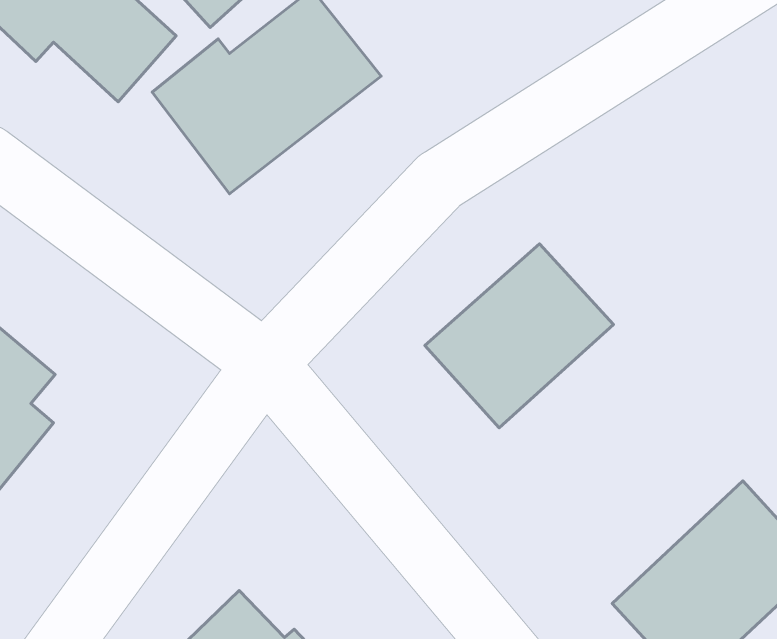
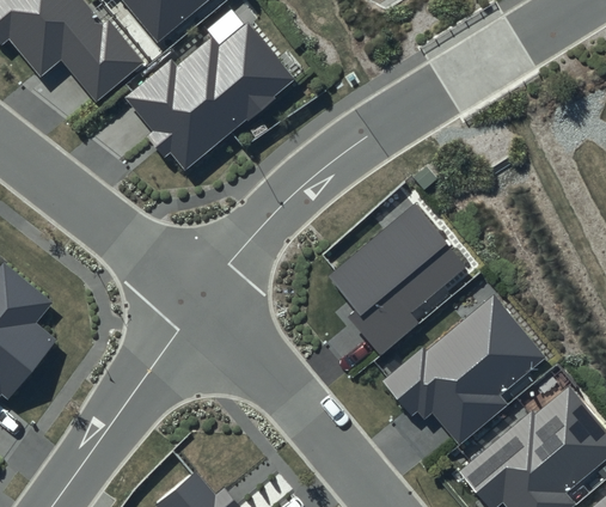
building: none -> [390,293,549,444]

